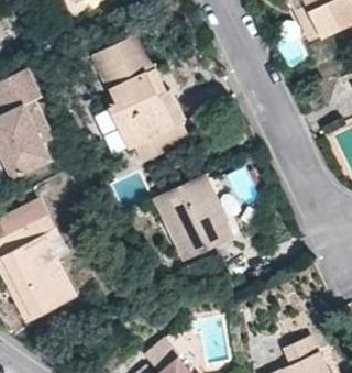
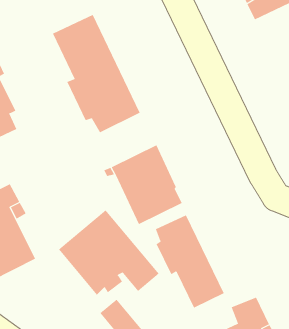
building: none -> [58,209,159,295]
building: none -> [155,214,225,309]

